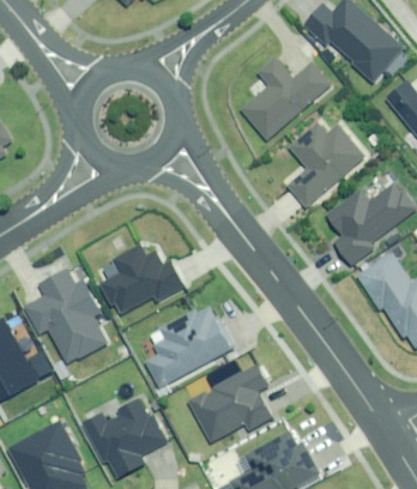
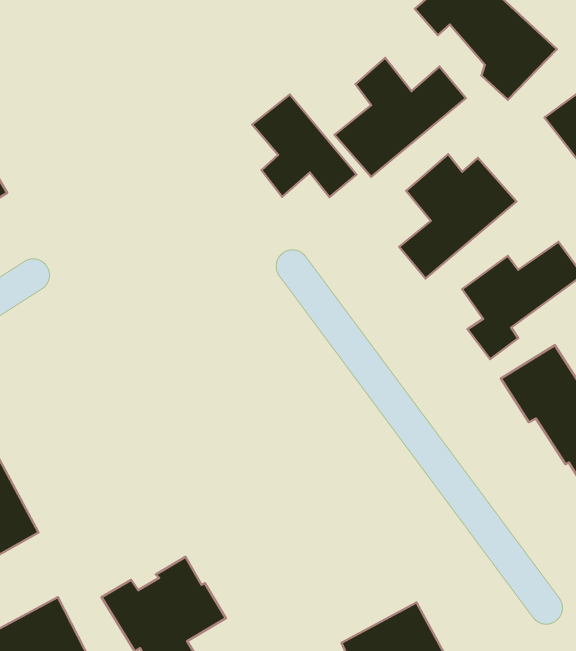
building: none -> [252,94,357,197]
building: [101,240,185,314] -> none
building: [25,270,107,363] -> none
building: [146,303,232,386] -> none
building: [191,364,273,441] -> none

